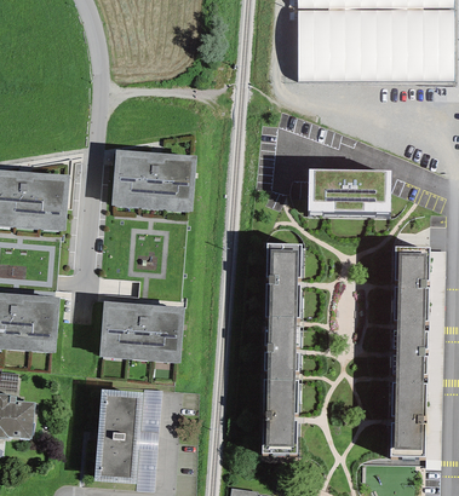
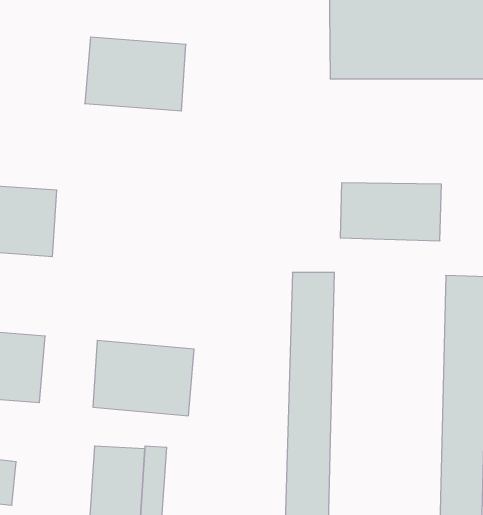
building: [111,149,196,210] -> [85,37,186,111]

